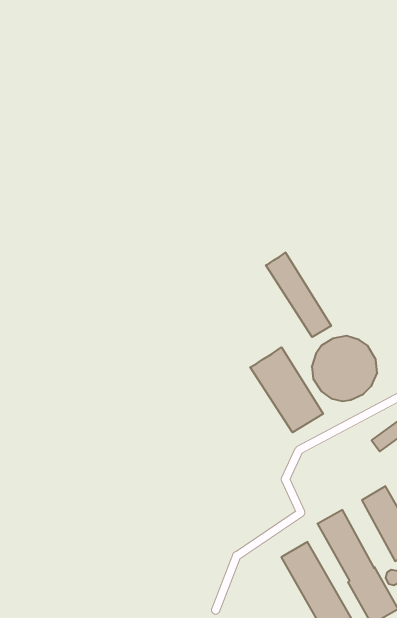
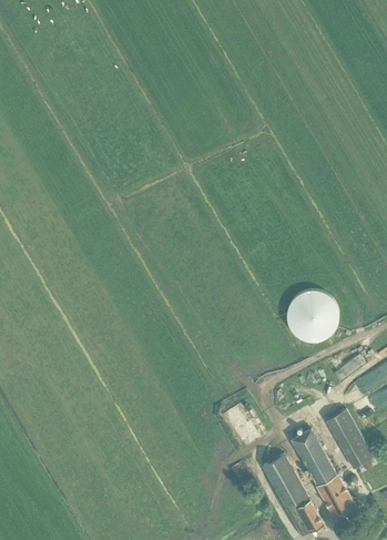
building: [266,252,331,337] -> none
building: [250,347,323,432] -> none

